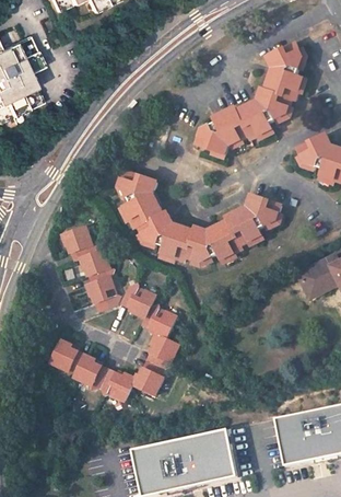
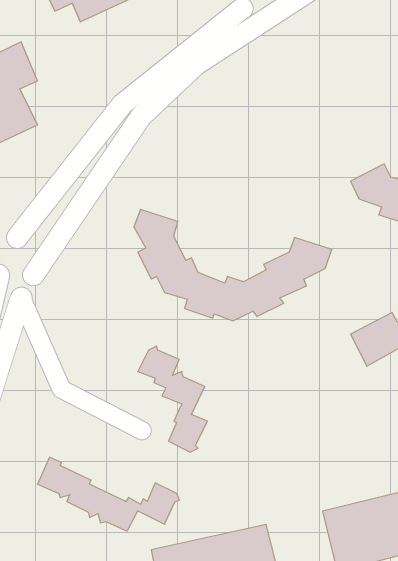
building: [192,44,301,159] -> none
building: [63,229,119,311] -> none
building: [51,340,167,401] -> [37,457,179,531]

